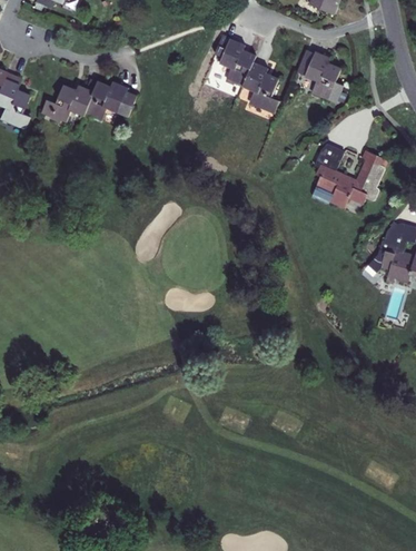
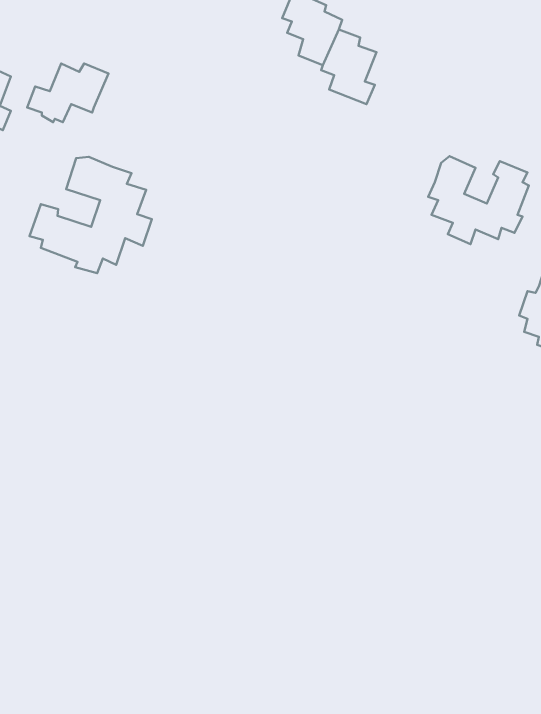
building: [295,49,341,101] -> none
building: [85,79,137,120] -> none
building: none -> [30,157,152,273]

